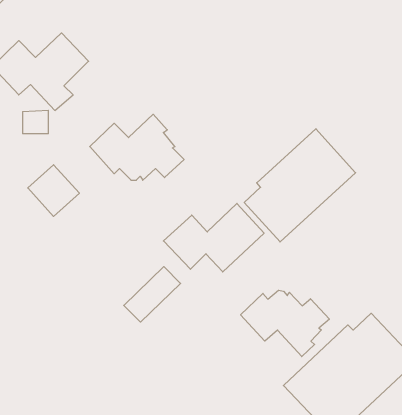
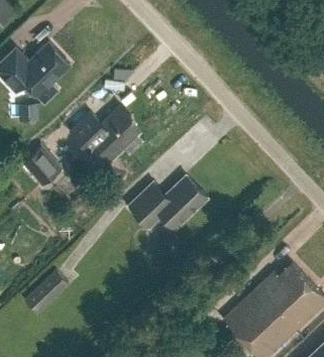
building: [244,129,356,242] -> none
building: [124,267,181,322] -> [24,272,69,316]
building: [241,290,329,357] -> none

